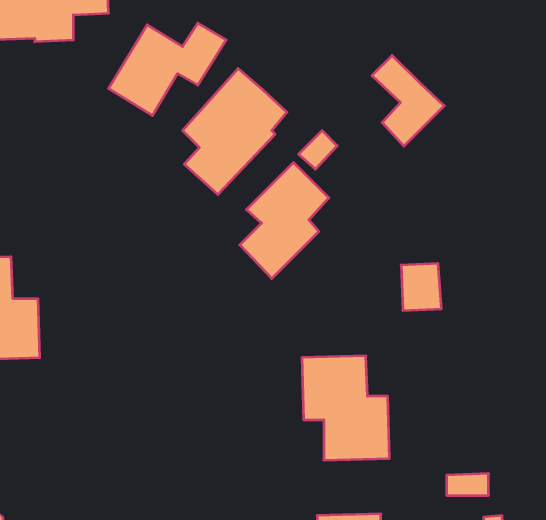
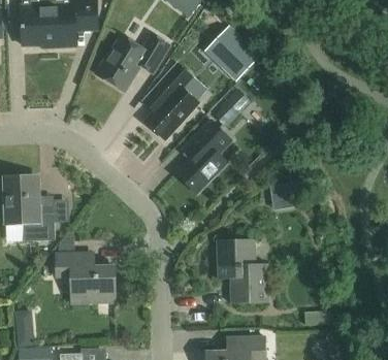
building: [372,55,444,146] -> [215,25,259,80]
building: none -> [56,252,115,302]

